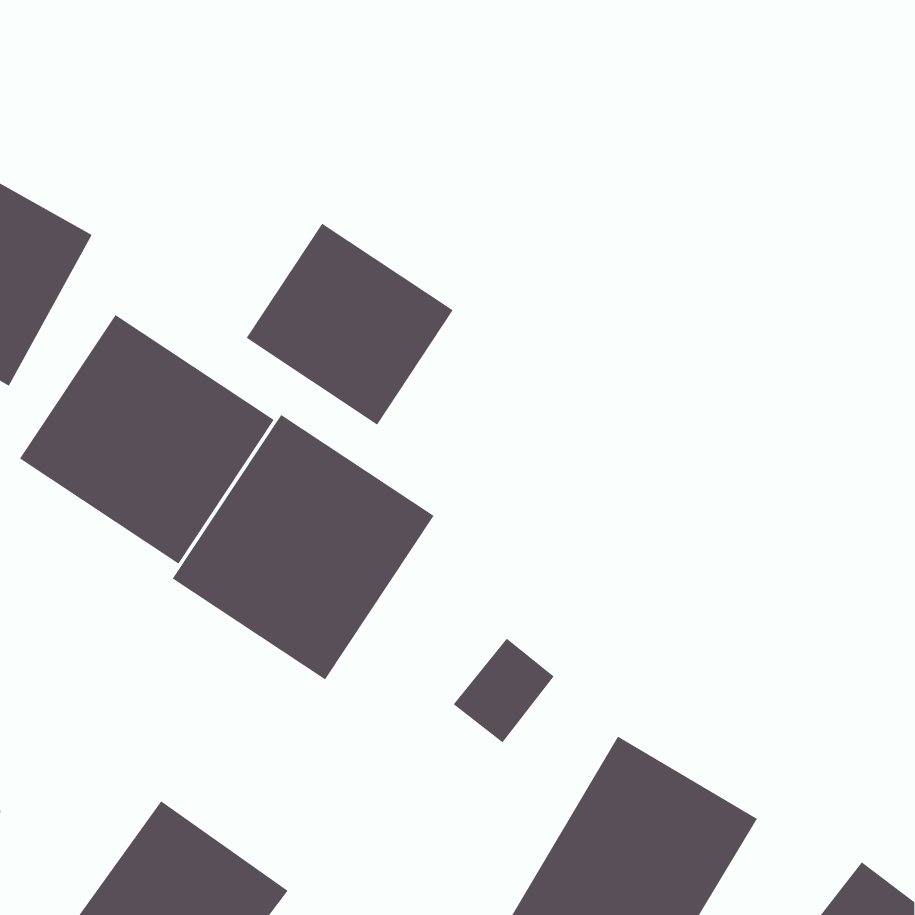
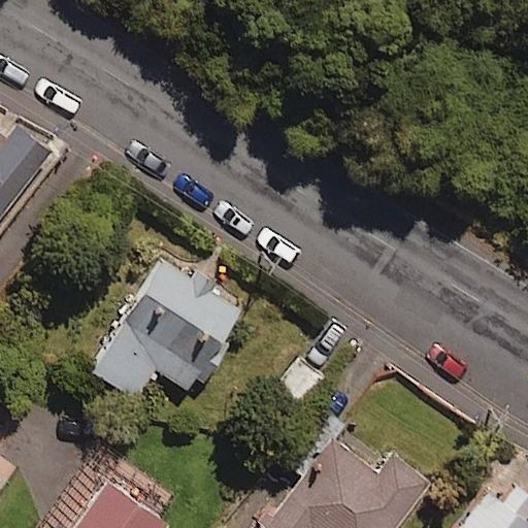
building: [246,223,454,425] -> none
building: [19,314,275,565] -> none

